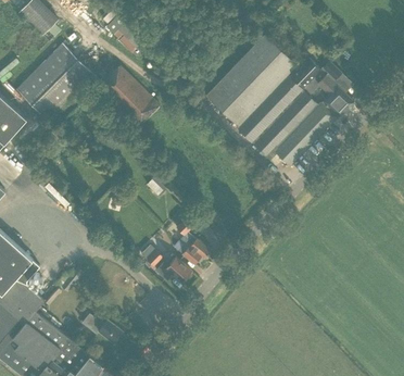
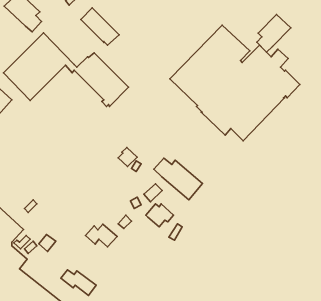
building: none -> [257,14,291,52]
building: none -> [154,158,202,200]
building: [155,258,191,284] -> [85,224,117,247]

